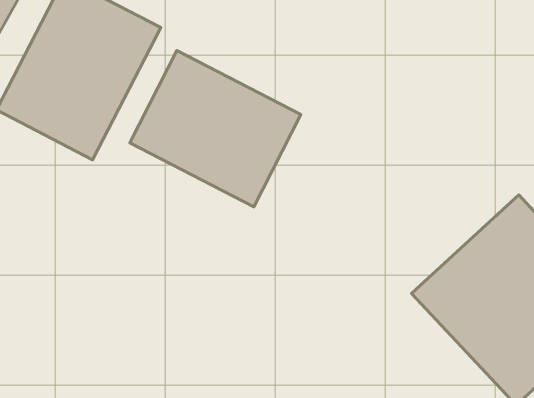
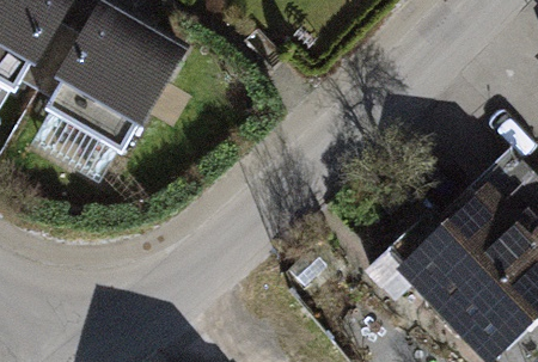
building: [130,51,301,207] -> none

